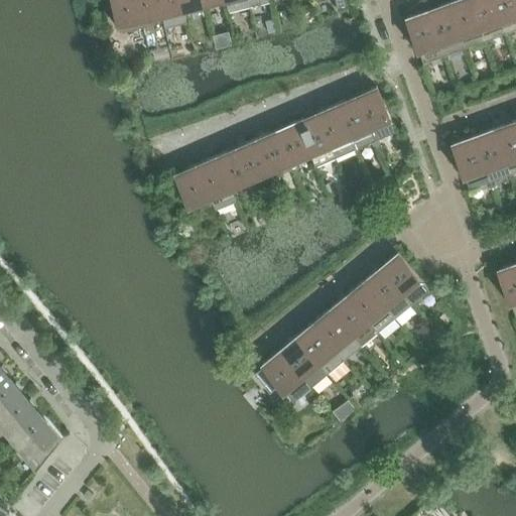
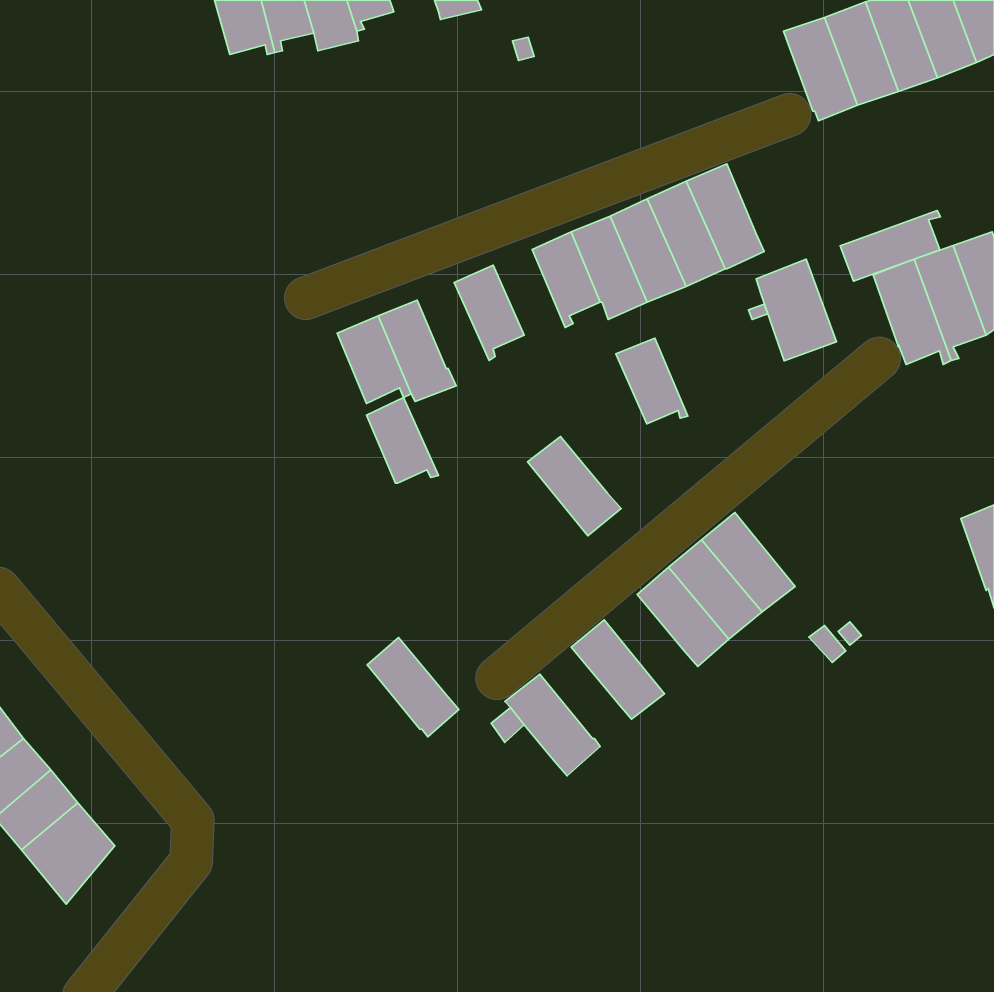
building: none -> [840,210,941,281]
building: [255,131,292,175] -> [616,338,688,424]
building: none -> [756,259,836,361]
building: [216,148,253,192] -> [366,398,439,483]
building: [380,253,428,305] -> none
building: [312,309,361,361] -> [527,437,621,536]
building: [279,337,327,388] -> [367,638,459,737]

